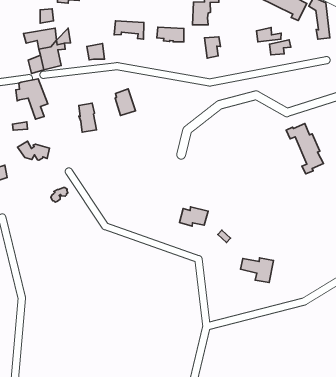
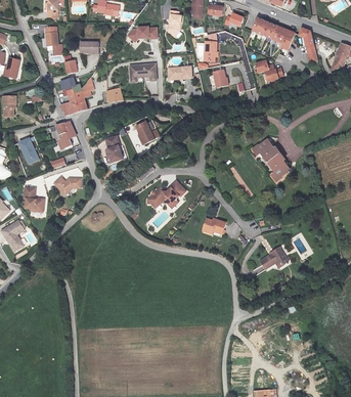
building: [286,124,324,174] -> [254,140,289,183]
building: none -> [145,180,187,208]

